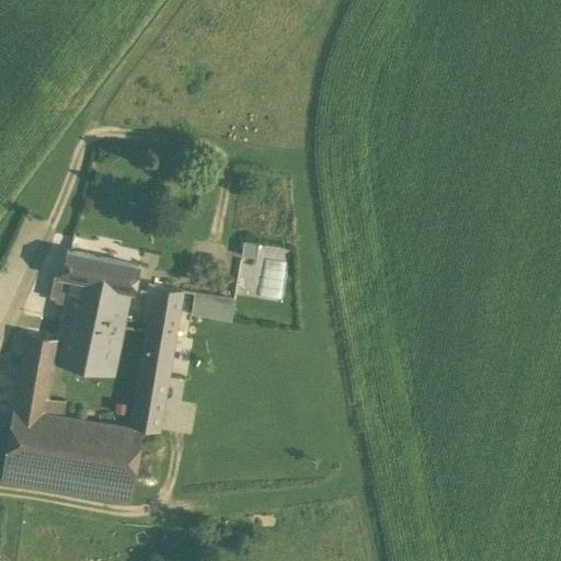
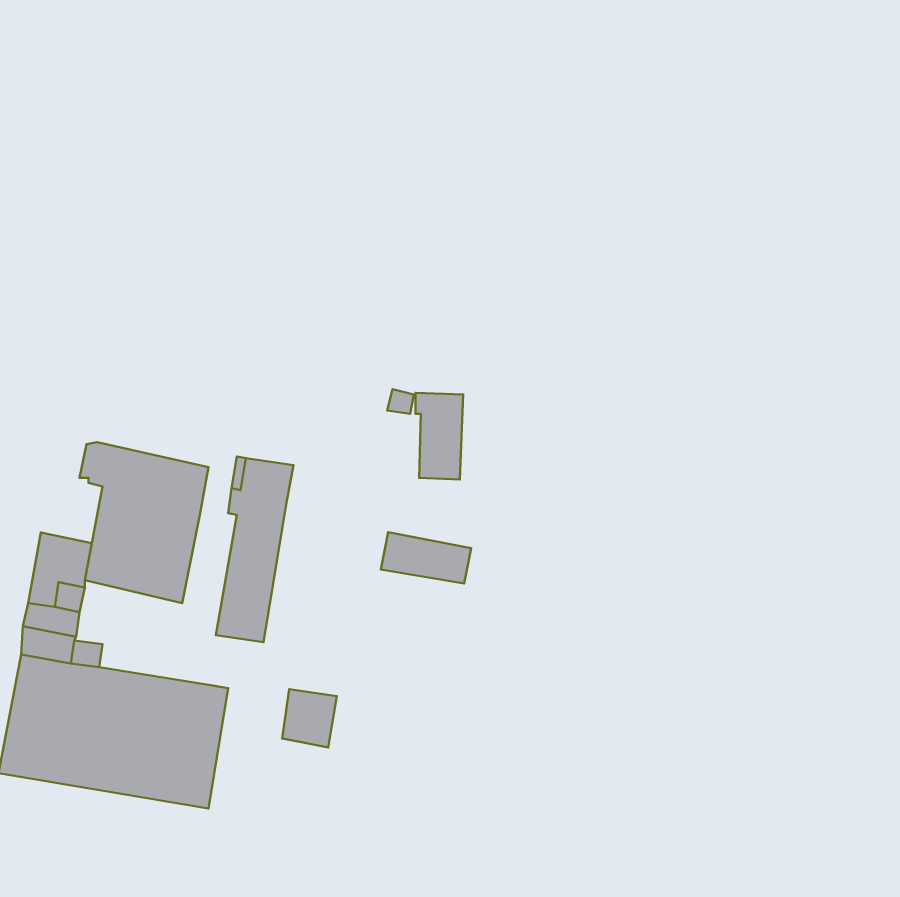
building: [60,253,138,295] -> none
building: [178,293,233,324] -> [381,532,471,583]
building: [129,398,163,434] -> [282,689,337,747]

